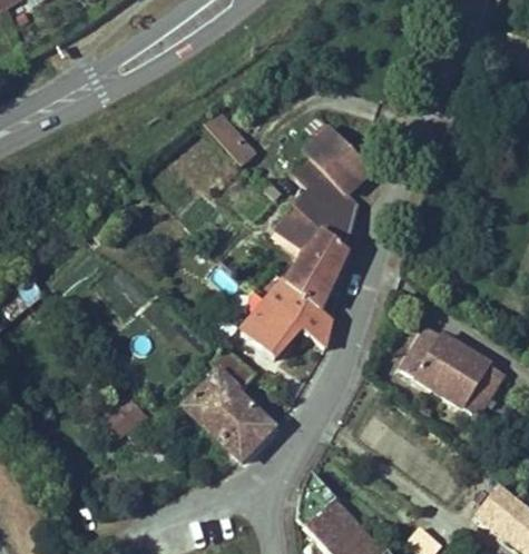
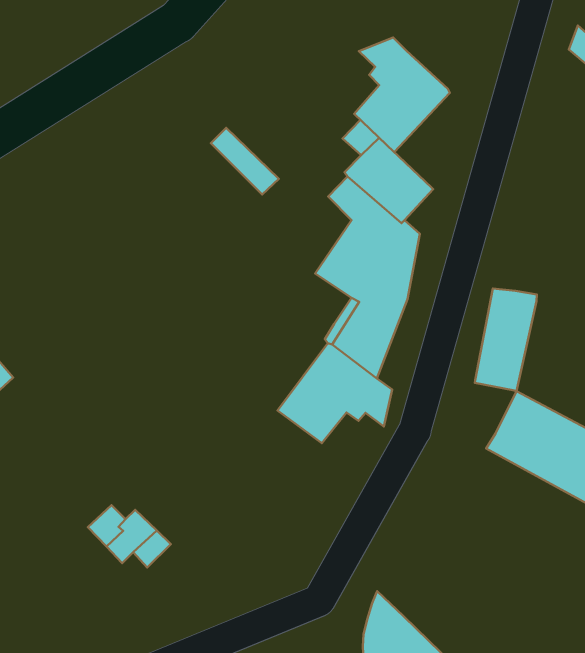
building: none -> [354,38,450,152]
building: none -> [475,288,537,391]
building: [184,346,274,462] -> none

